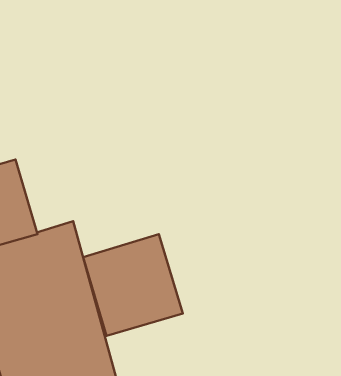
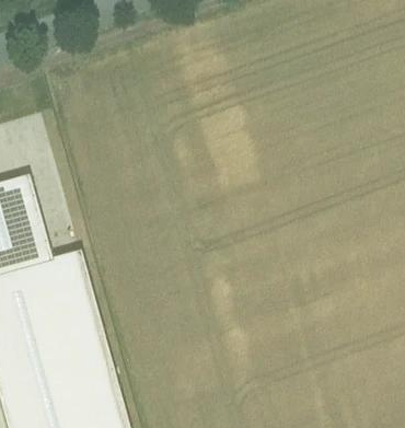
building: [83,234,183,336] -> none

